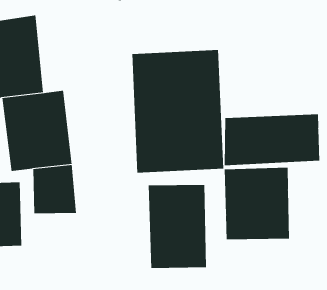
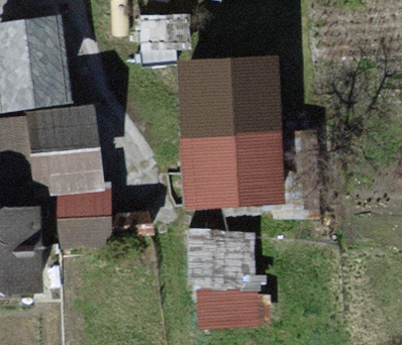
building: [224,114,320,166] -> none
building: [224,167,290,240] -> none

